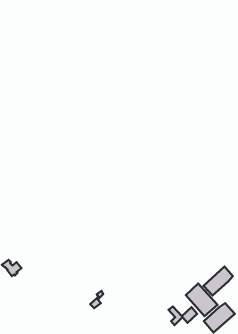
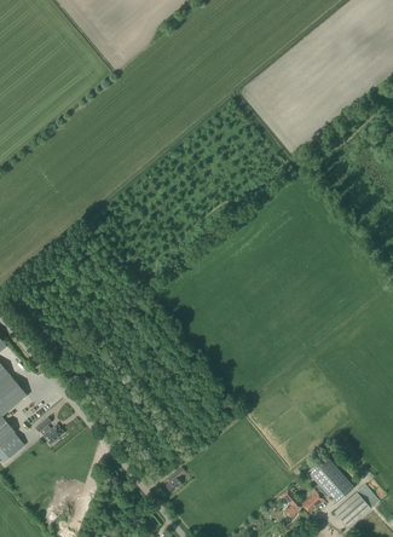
building: [204,267,233,296] -> none

